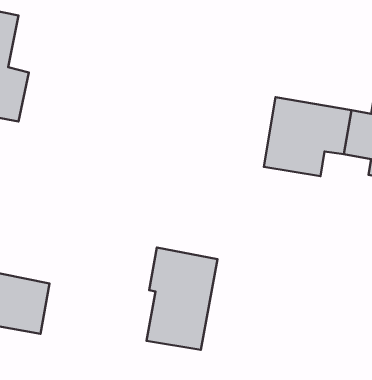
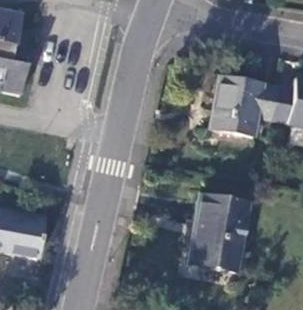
building: [146,248,217,350] -> [195,193,250,272]

